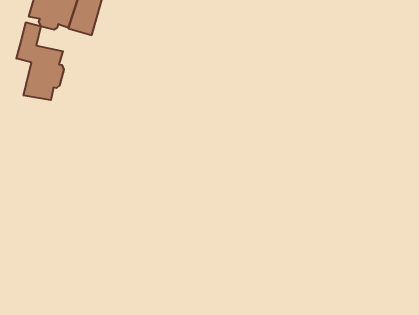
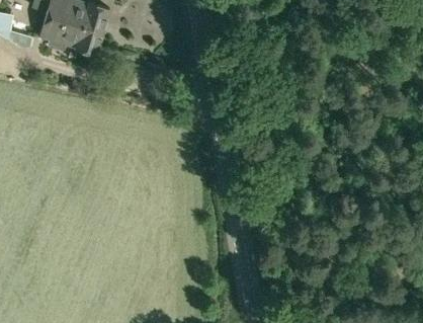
building: [16,22,64,100] -> none

